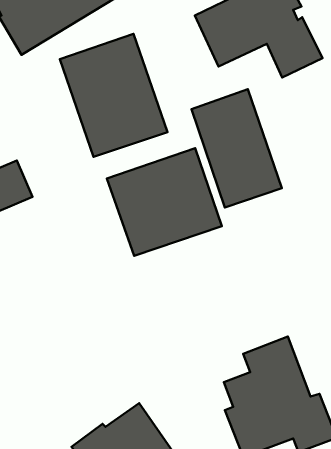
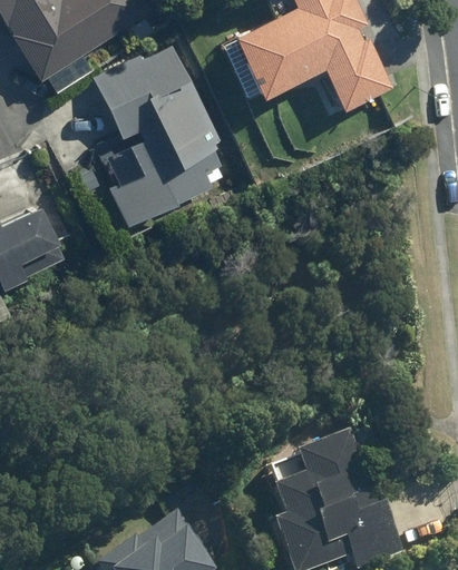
building: [192,89,282,207] -> none
building: [107,148,222,256] -> none

